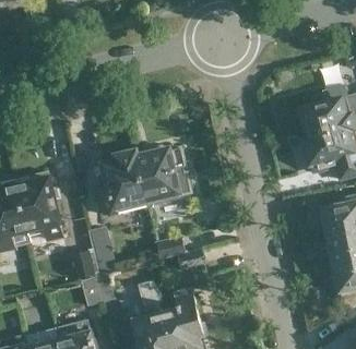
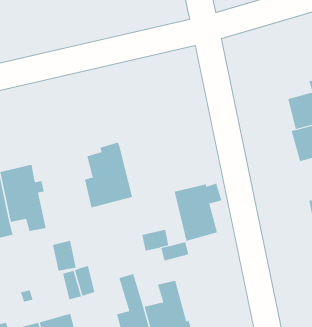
building: [137,147,185,205] -> [174,183,222,241]
building: [86,225,114,275] -> none

